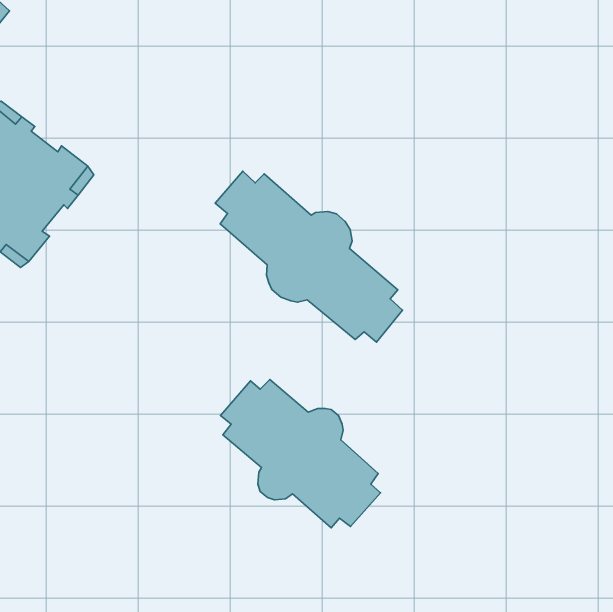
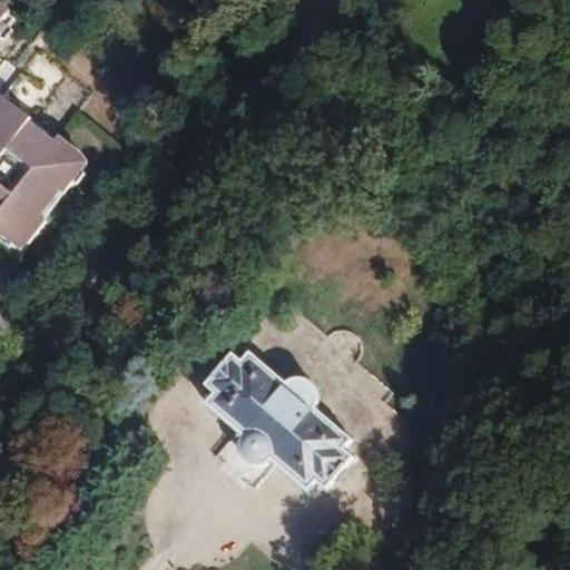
building: [215,171,403,342] -> none

